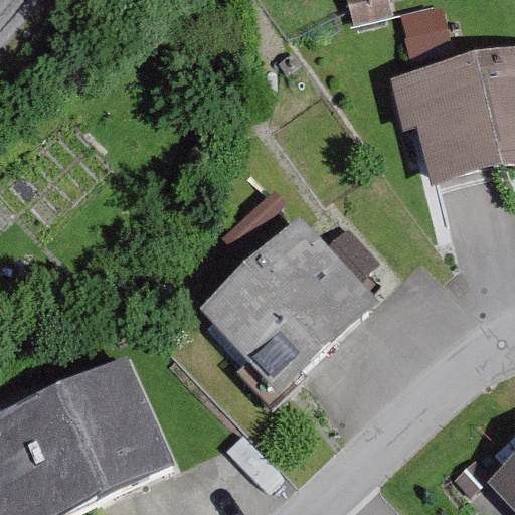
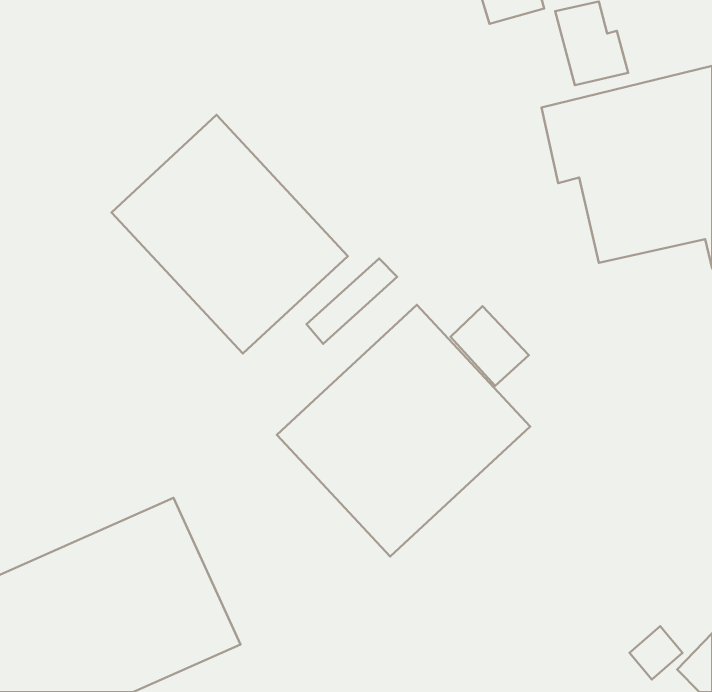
building: none -> [112,115,348,354]

